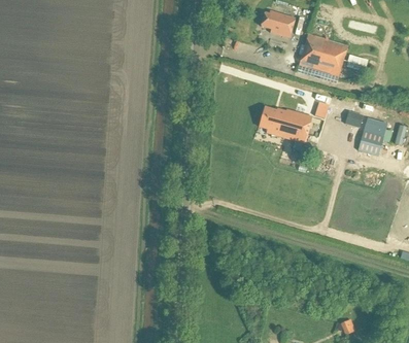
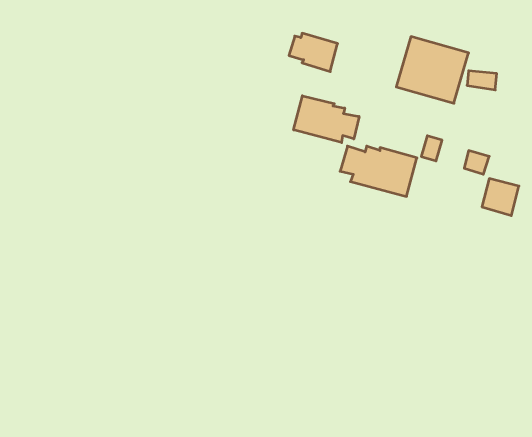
building: [261,10,295,37] -> [289,33,338,72]
building: none -> [294,96,359,143]

